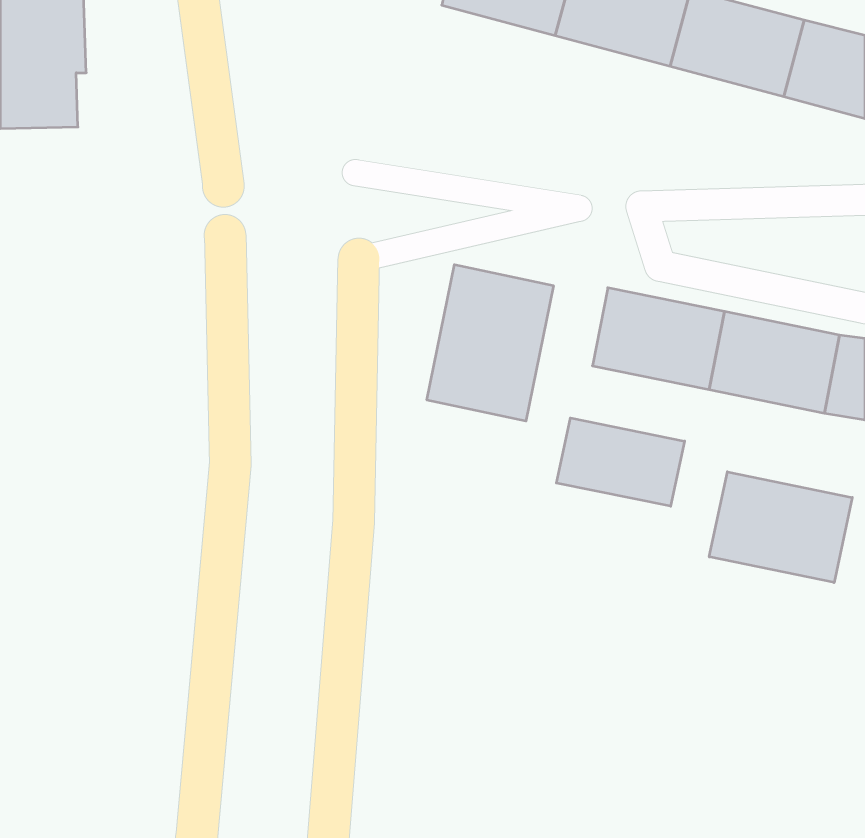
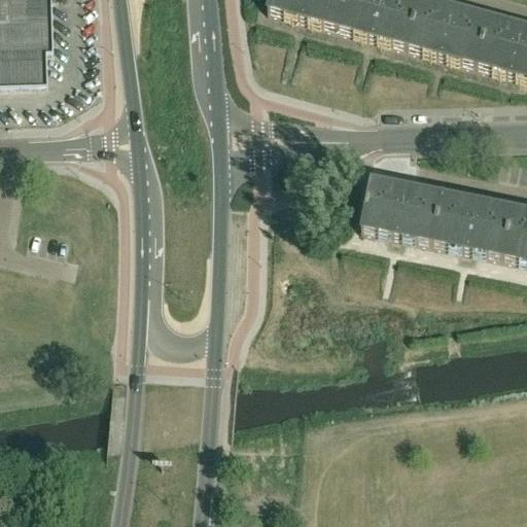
building: [427,265,553,421] -> none
building: [556,418,685,506] -> none
building: [709,472,852,583] -> none

